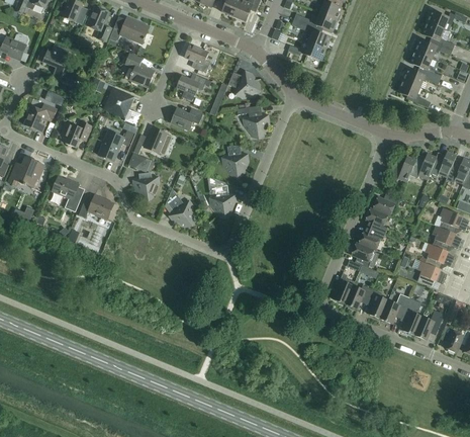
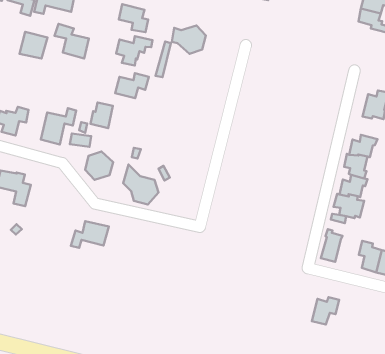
building: [105,89,132,115] -> [19,32,47,59]
building: [239,105,269,136] -> none
building: [222,145,249,175] -> none
building: [210,184,237,215] -> none
building: [78,194,114,219] -> [71,221,109,248]
building: [345,284,372,309] -> [312,297,339,325]

